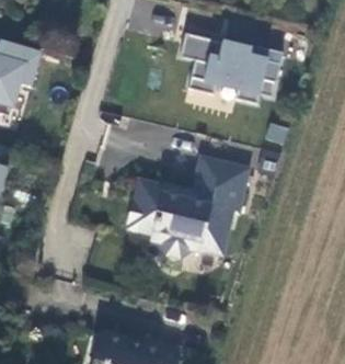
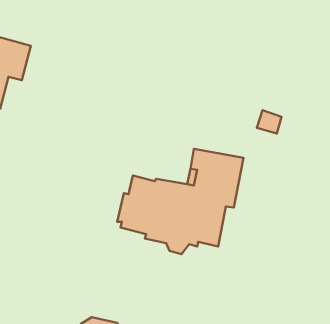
building: [179,32,281,102] -> none

